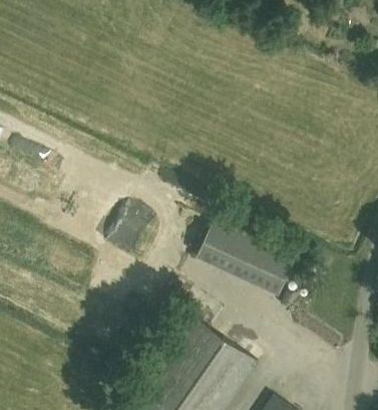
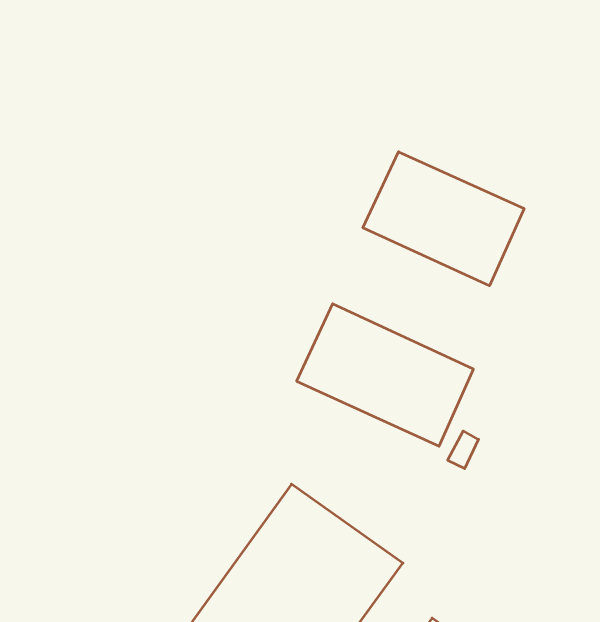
building: none -> [363,152,524,286]

